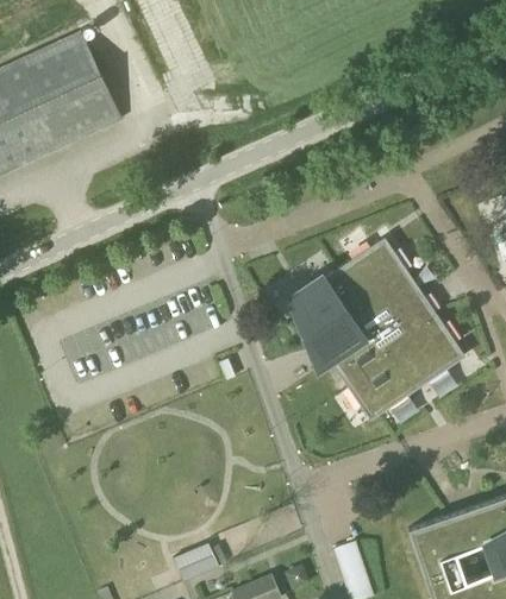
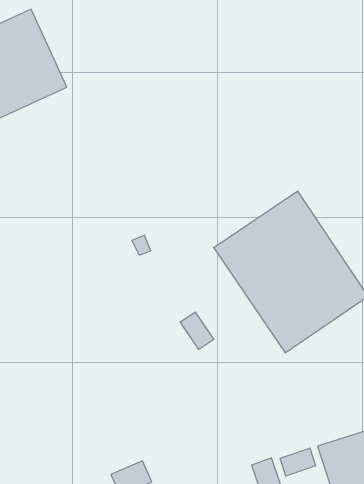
building: none -> [180,312,214,349]
building: none -> [280,448,316,476]

